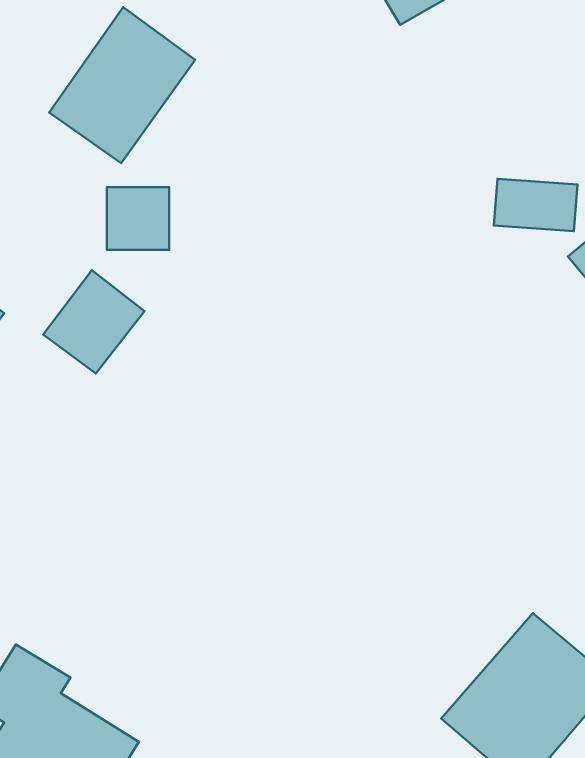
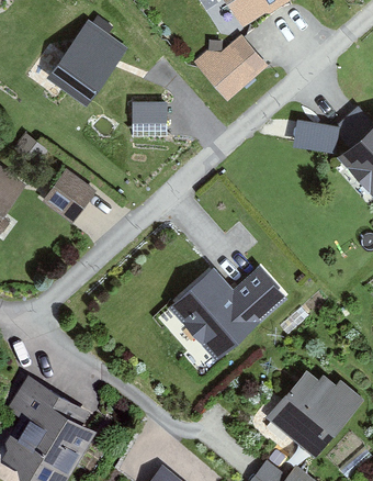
building: none -> [194,38,257,102]
building: [107,187,169,250] -> [132,101,167,136]
building: none -> [170,266,285,361]

